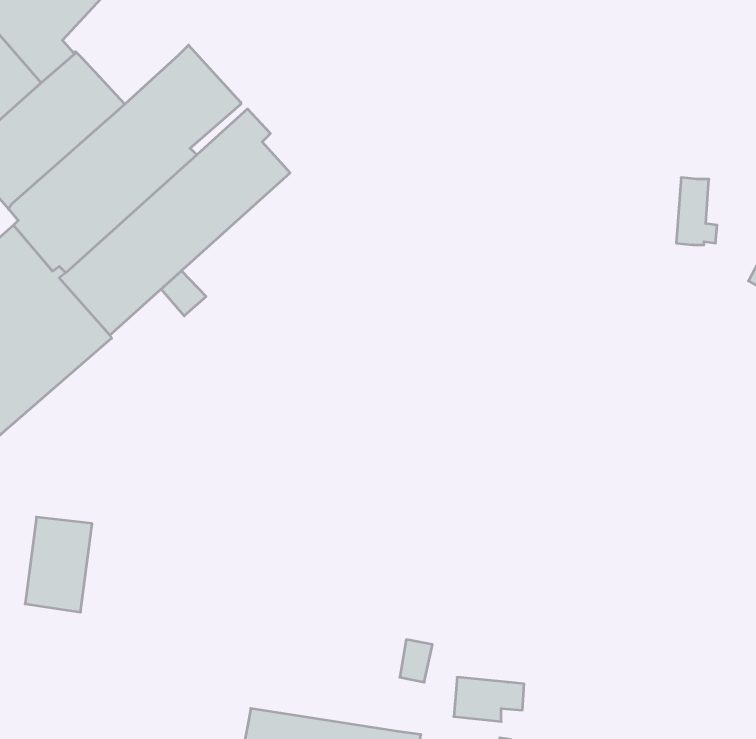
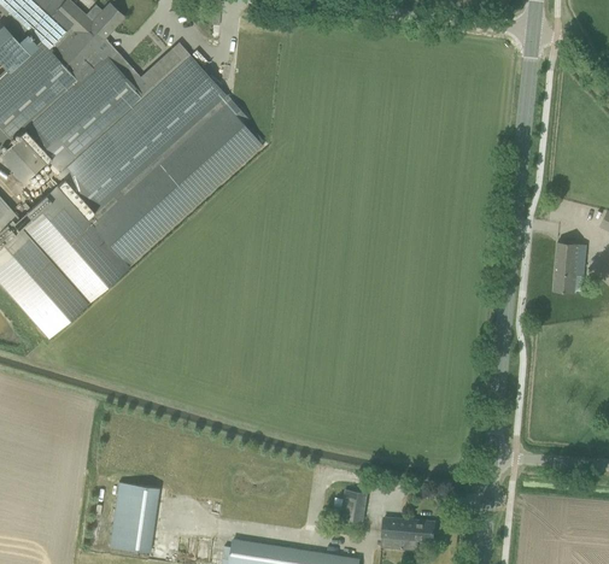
building: none -> [109,49,180,95]
building: [676,178,717,245] -> [554,242,584,292]
building: [161,271,206,316] -> none
building: [25,517,92,612] -> [110,482,159,552]

